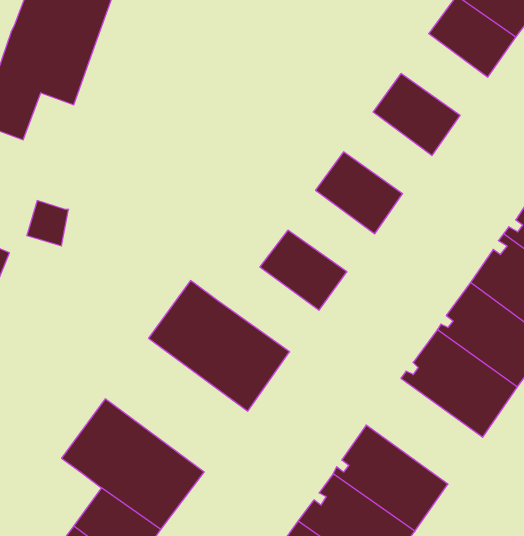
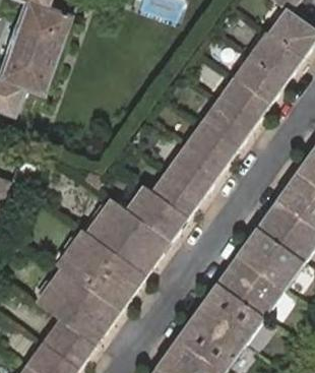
building: none -> [236,55,287,103]
building: none -> [202,101,254,148]
building: none -> [170,146,220,194]
building: none -> [128,186,188,241]
building: none -> [58,231,146,311]
building: none -> [215,256,284,318]

